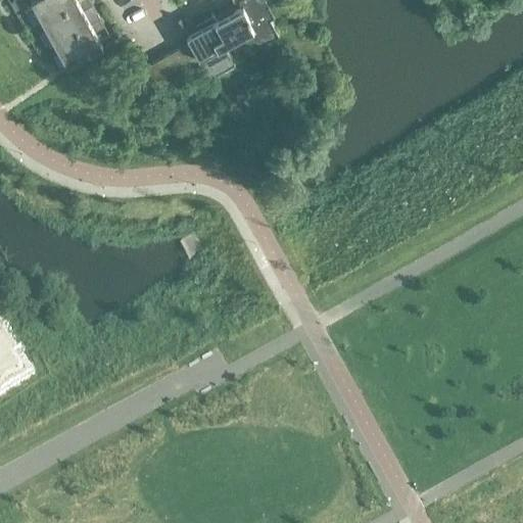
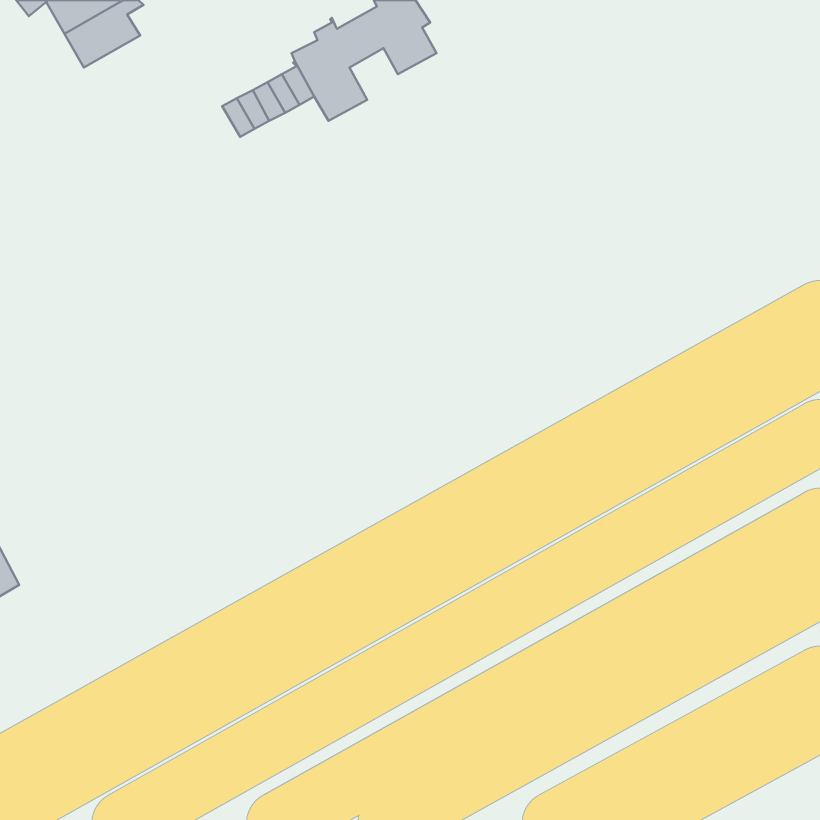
building: [53,19,102,66] -> none

